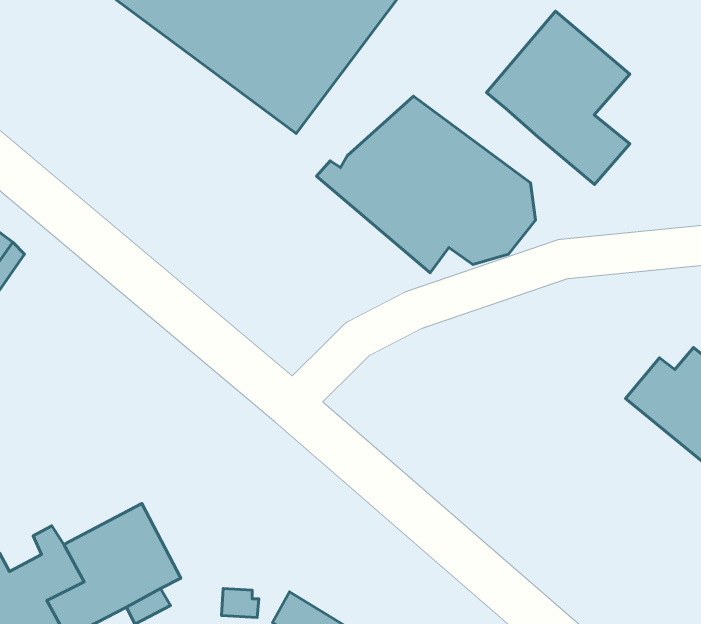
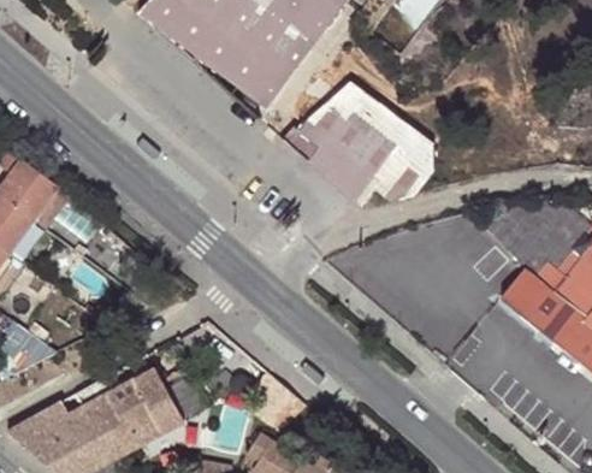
building: [486,11,630,184] -> none

